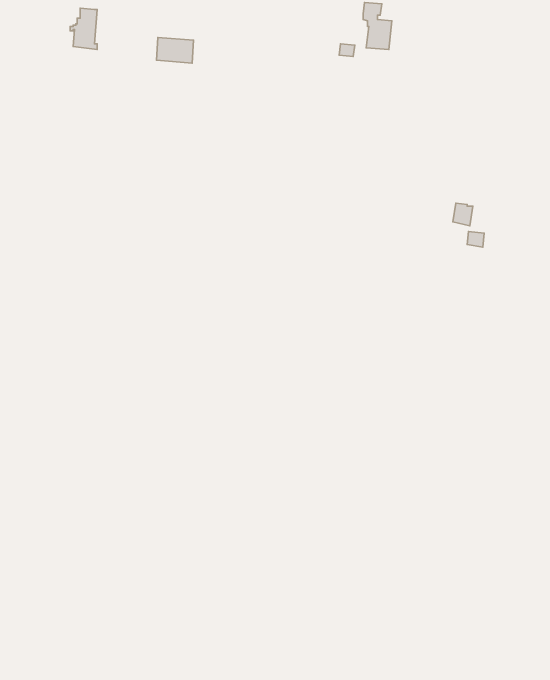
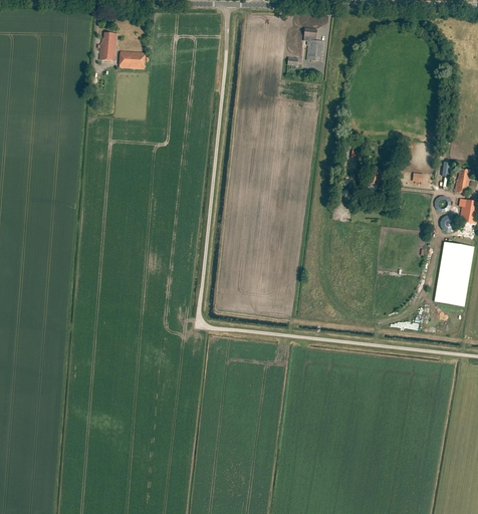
building: [156,37,193,63] -> [118,50,145,68]

